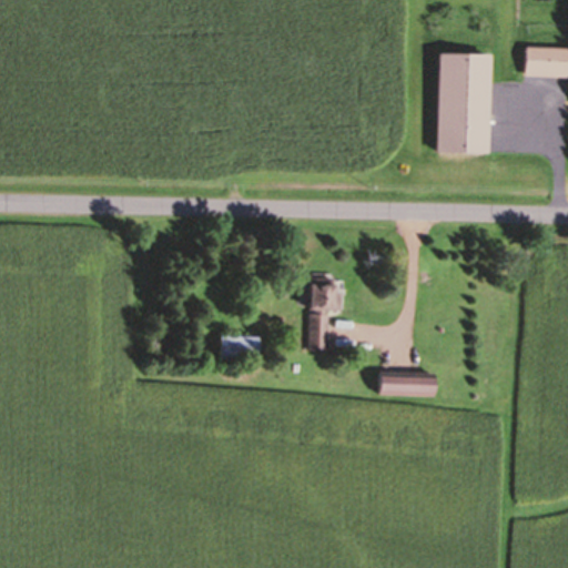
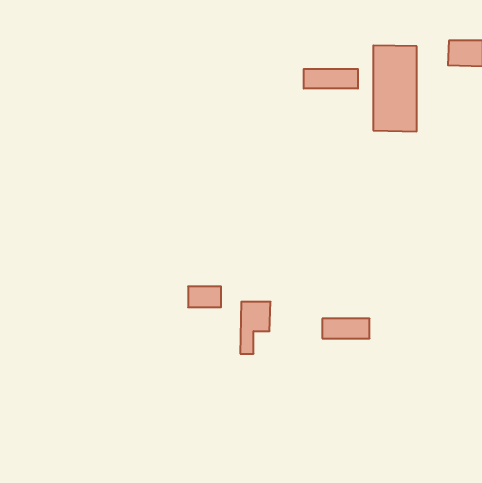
building: none -> [304,69,358,89]
building: [310,277,345,338] -> [240,302,271,354]

